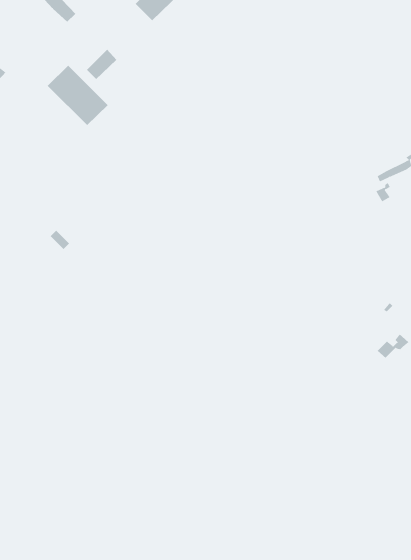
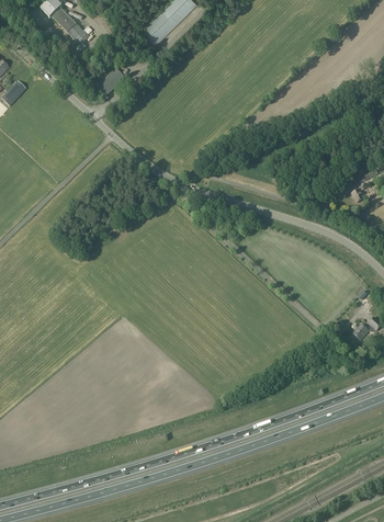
building: [47,65,108,126] -> none

